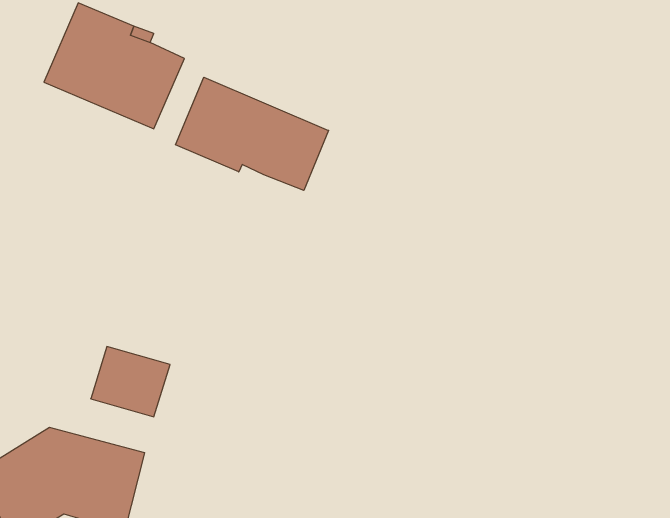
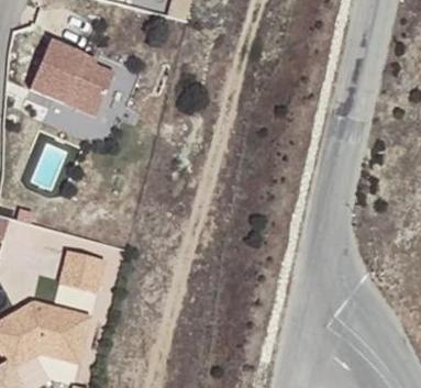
building: [176,77,329,190] -> none

